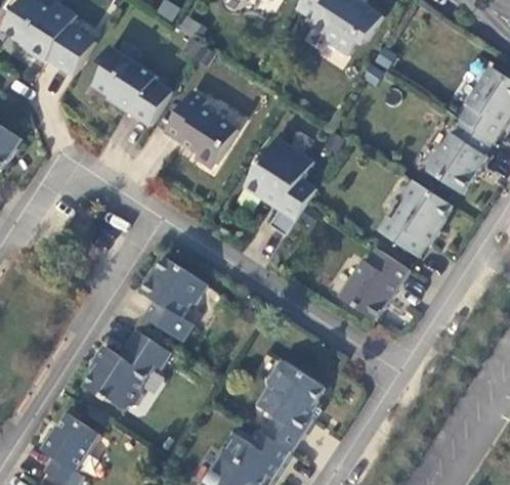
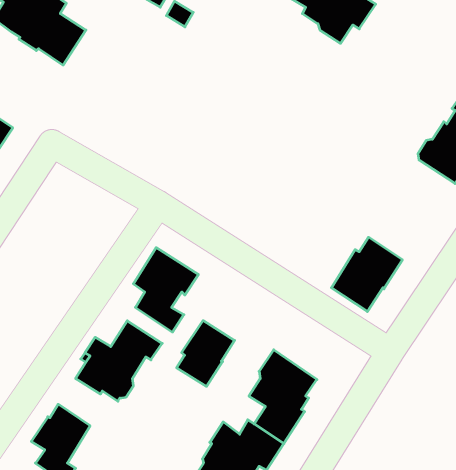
building: [92,46,171,125] -> none
building: [164,90,237,165] -> none
building: [244,137,315,235] -> none
building: [376,179,451,257] -> none
building: none -> [177,321,235,386]

